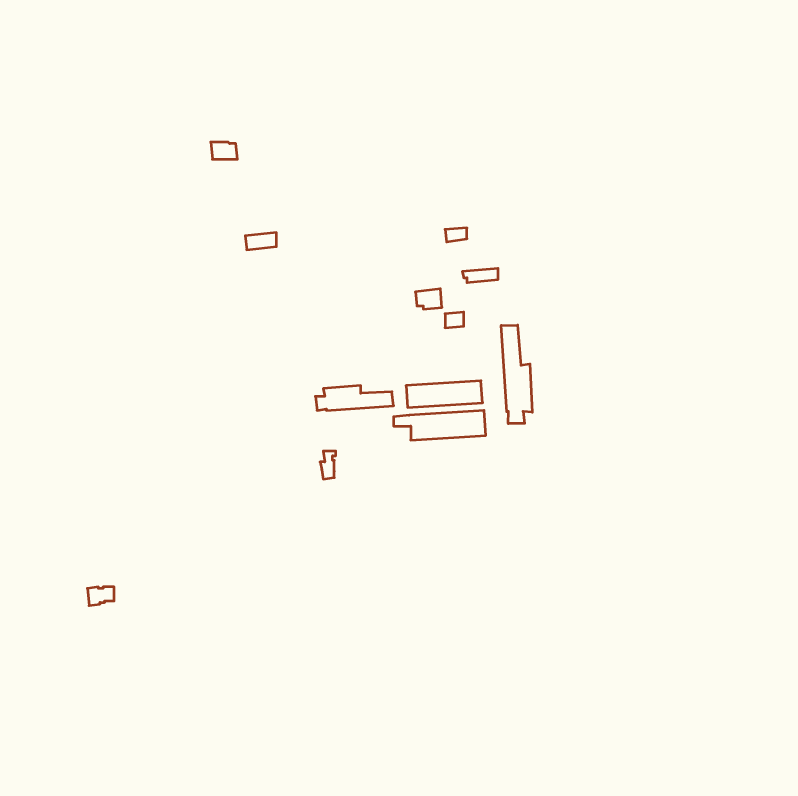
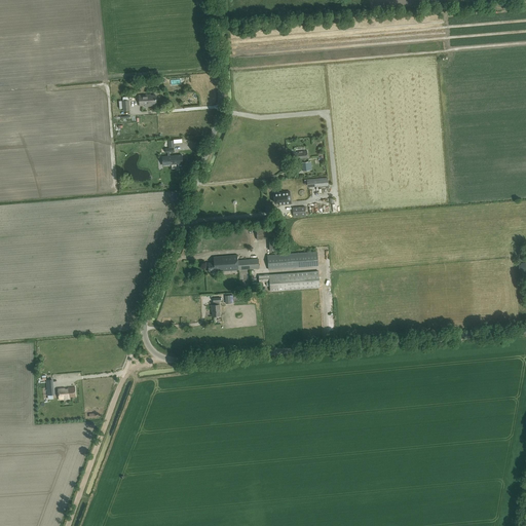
building: [501,325,532,424] -> none

